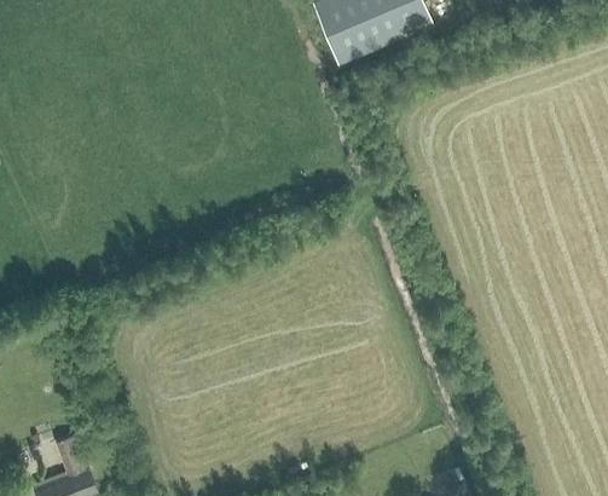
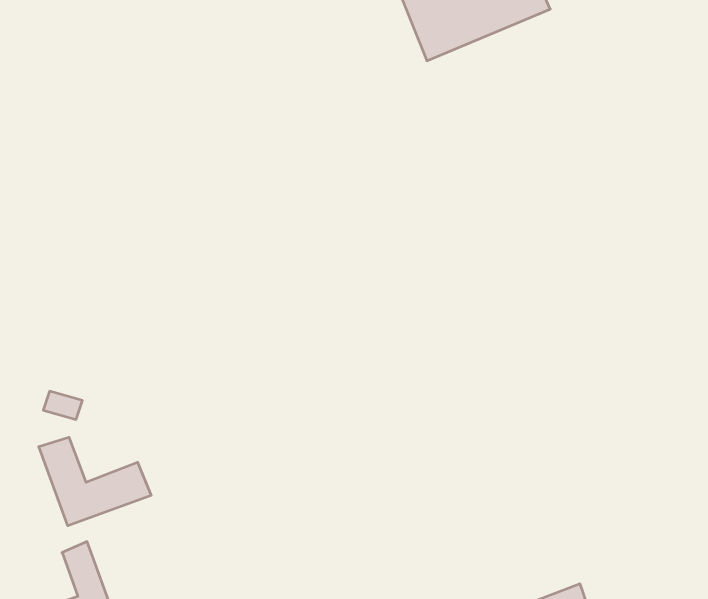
building: none -> [39,437,151,526]

